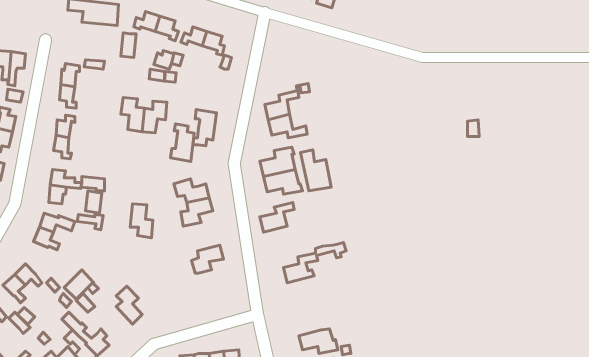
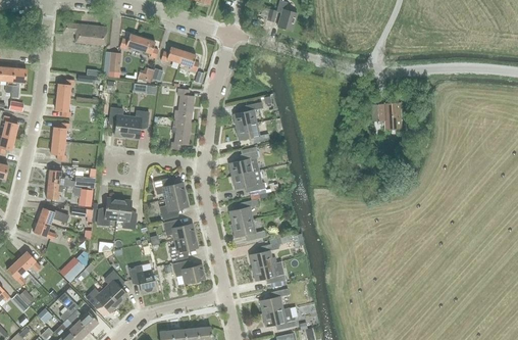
building: none -> [372,102,402,129]
building: [171,124,194,161] -> [173,88,194,120]
building: [300,150,331,191] -> none
building: none -> [97,197,118,226]
building: none -> [231,218,265,239]
building: none -> [163,220,194,240]
building: none -> [172,260,204,283]
building: none -> [252,261,284,283]
building: none -> [128,264,155,293]
building: none -> [259,287,289,313]
building: none -> [86,288,118,311]

